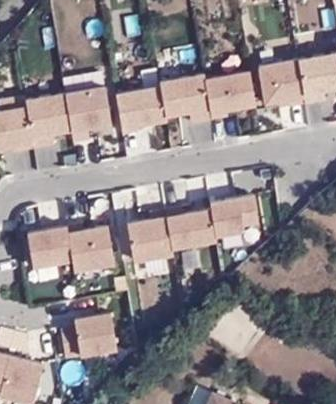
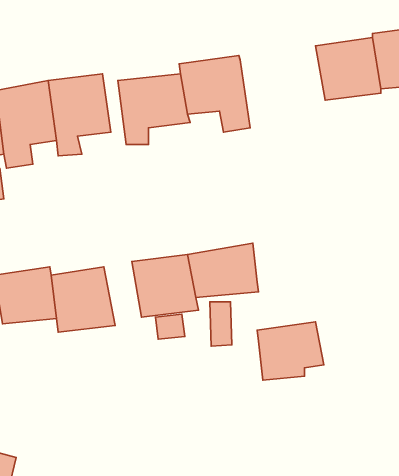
building: [204,69,256,125] -> none
building: [212,194,260,236] -> [257,322,324,380]
building: [57,312,117,363] -> none

